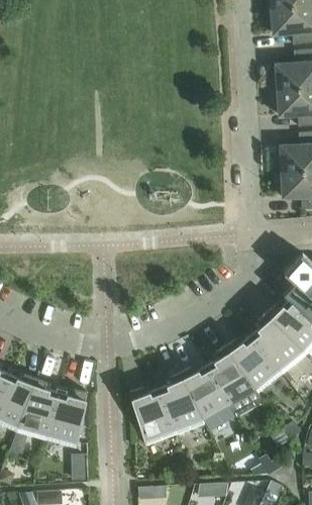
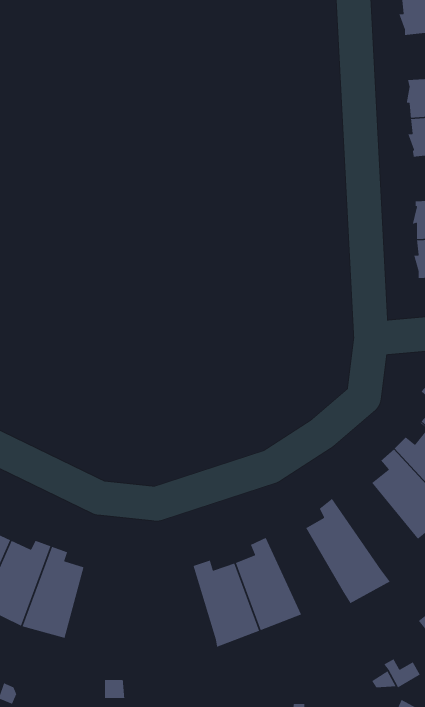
building: [225,335,283,394] -> none
building: [181,366,232,424] -> none
building: [45,389,87,448] -> none

